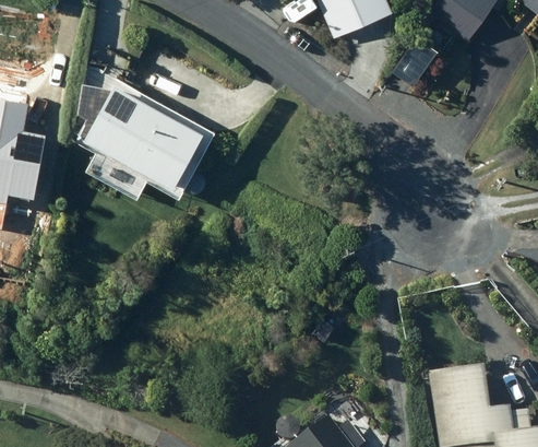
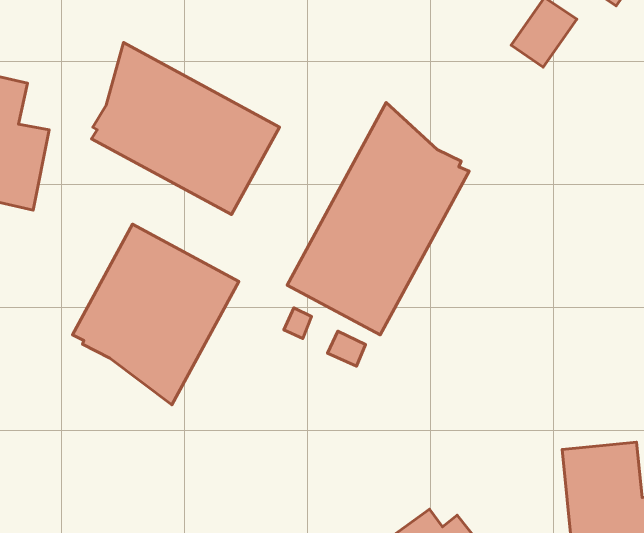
building: none -> [287,103,469,335]
building: none -> [73,224,239,405]

